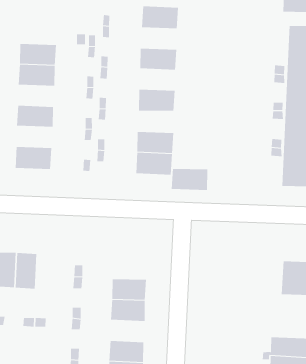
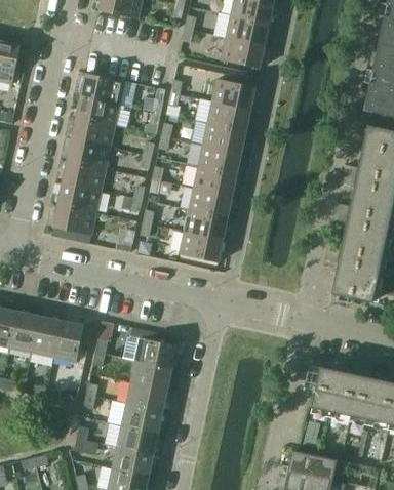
building: none -> [80,73,124,105]
building: none -> [206,101,249,131]
building: none -> [197,145,240,174]
building: none -> [67,139,110,169]
building: none -> [57,182,101,212]
building: [171,169,208,191] -> [188,189,231,218]
building: none -> [52,321,83,362]
building: none -> [134,337,176,368]
building: none -> [121,404,162,434]

